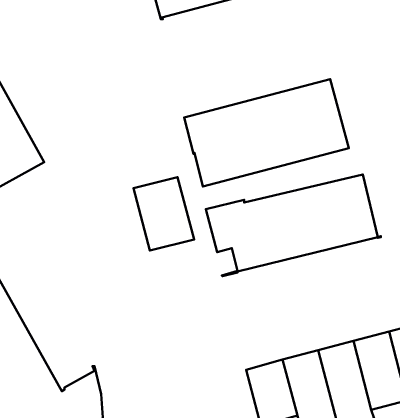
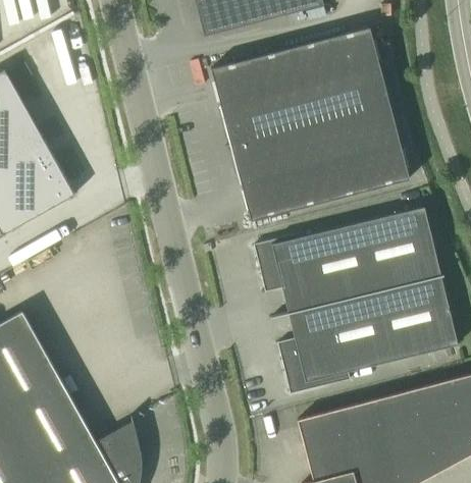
building: none -> [210,29,388,146]
building: [133,177,194,250] -> none
building: none -> [277,276,458,394]

